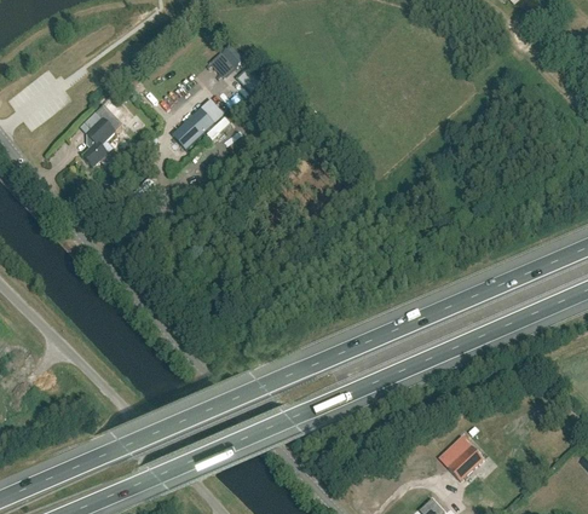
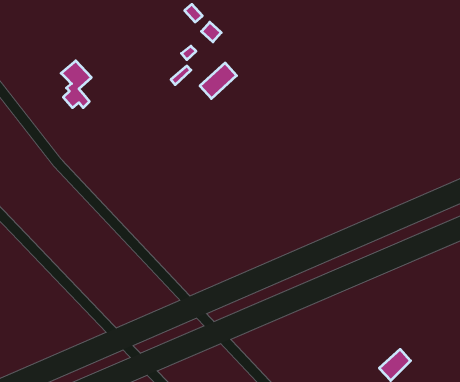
building: [172,108,214,149] -> [200,63,237,99]

